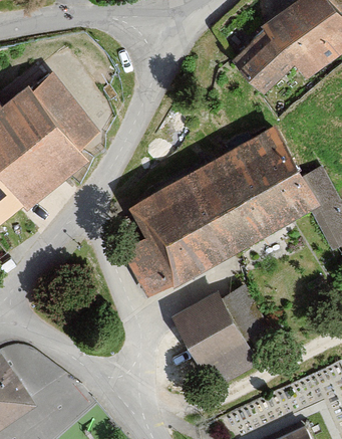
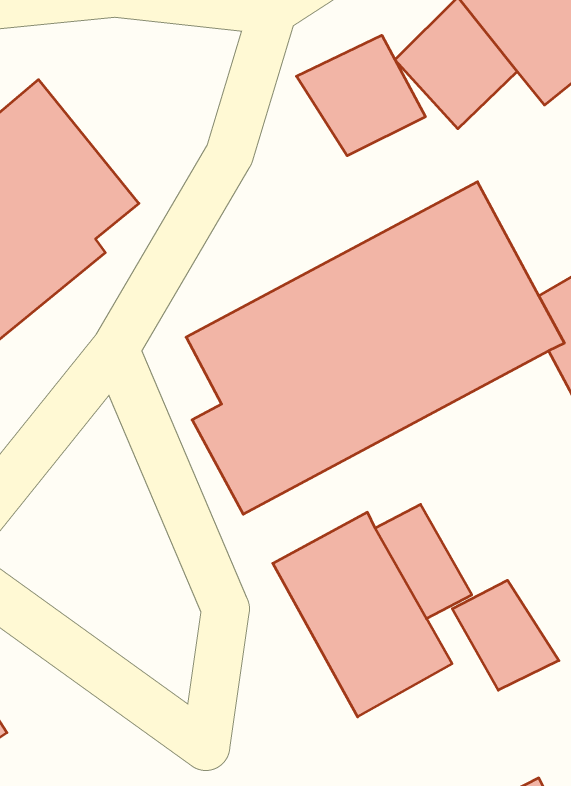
building: none -> [296,35,425,156]
building: none -> [452,580,559,690]

